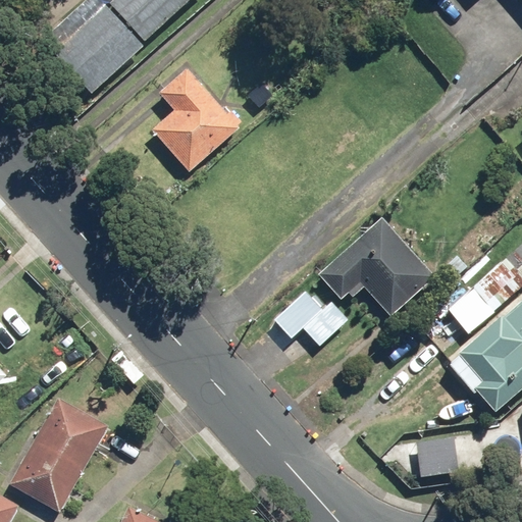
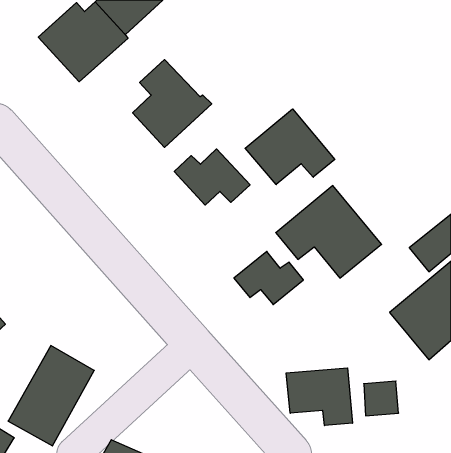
building: none -> [245,109,335,185]
building: none -> [174,149,250,205]
building: none -> [286,368,352,426]

